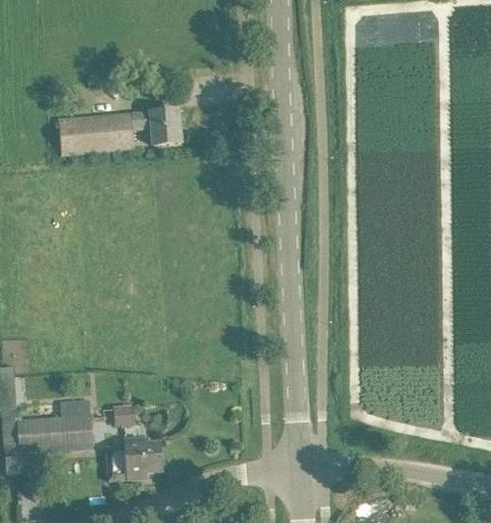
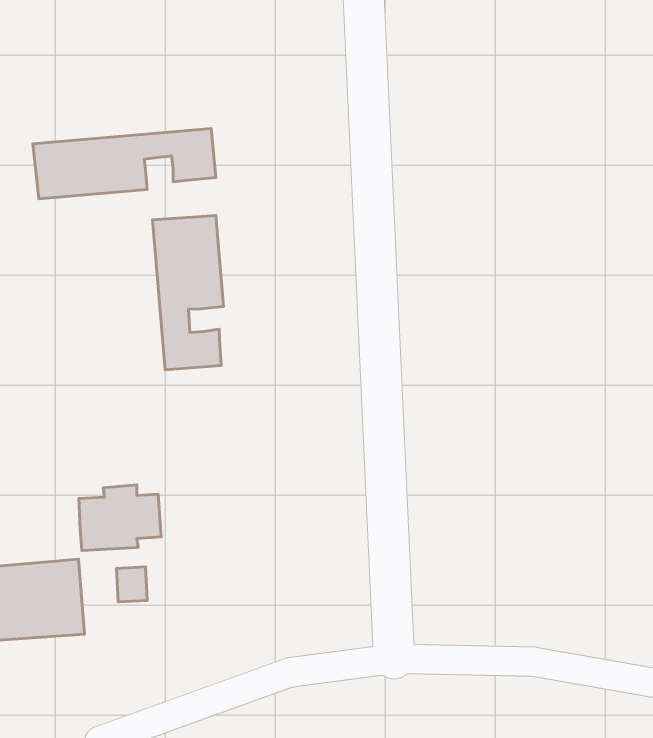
building: none -> [152,216,224,370]
building: [106,437,161,481] -> [79,485,161,551]

